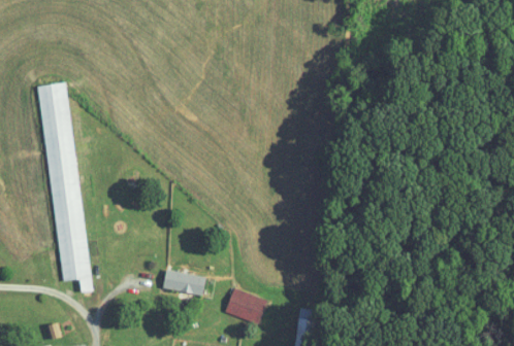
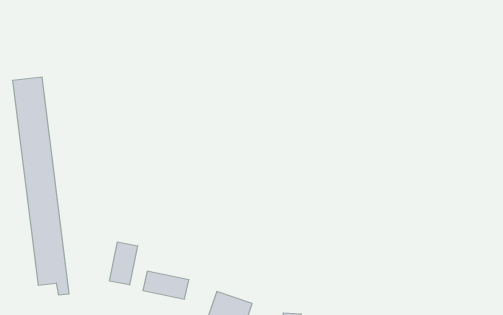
building: none -> [110,242,138,285]

